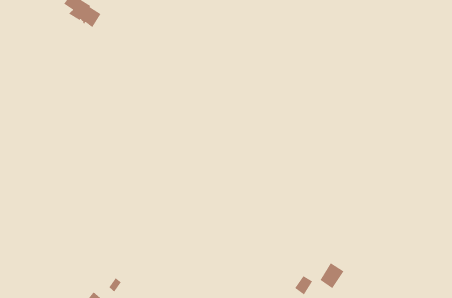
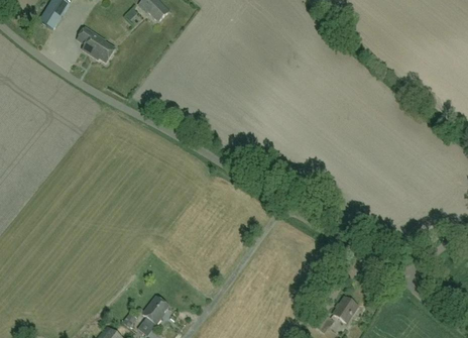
building: none -> [141,296,167,328]

